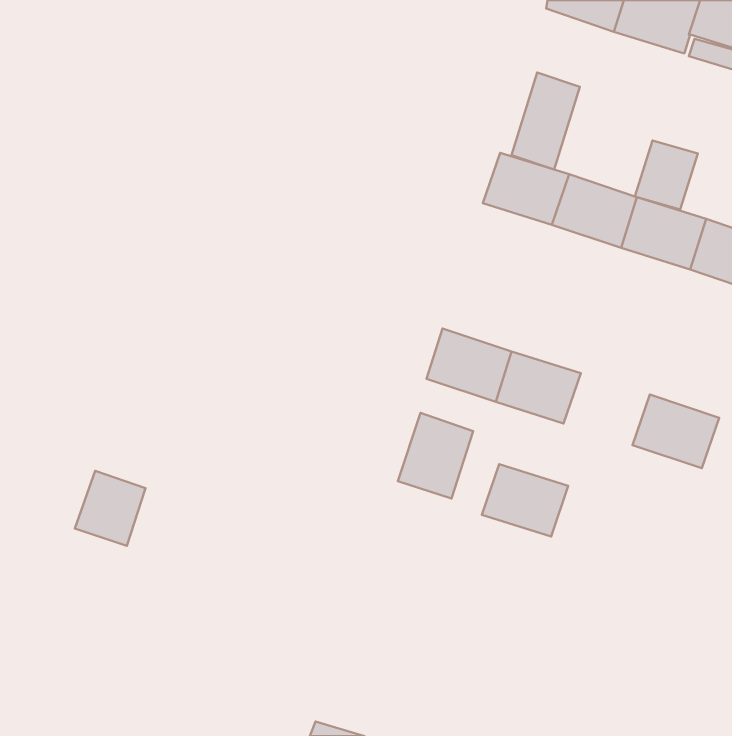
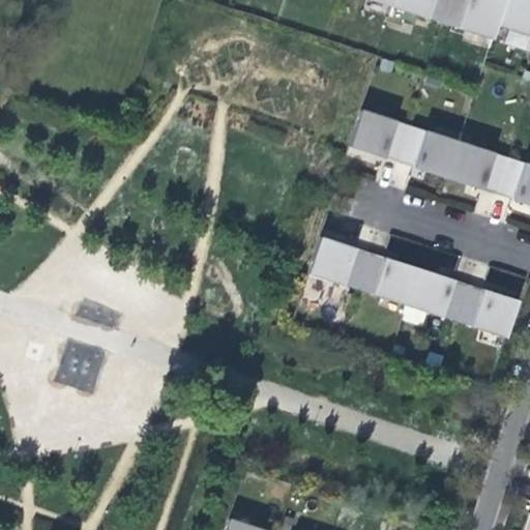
building: [511,73,580,170] -> none
building: [635,141,698,210] -> none
building: [398,413,473,498] -> none
building: [482,464,568,536] -> [408,268,470,320]

